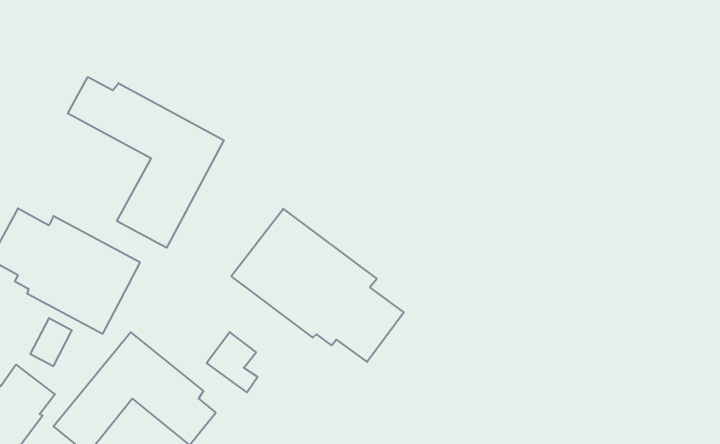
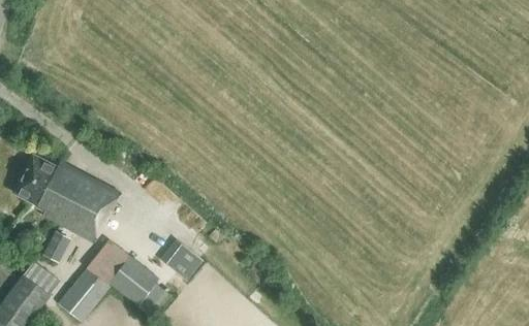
building: [68,77,224,248] -> none
building: [231,209,404,362] -> none

